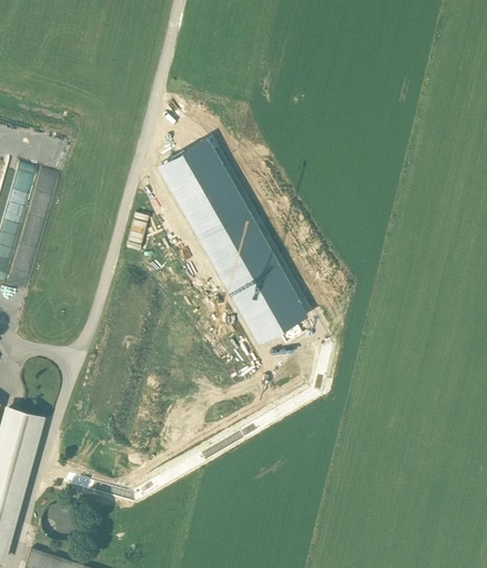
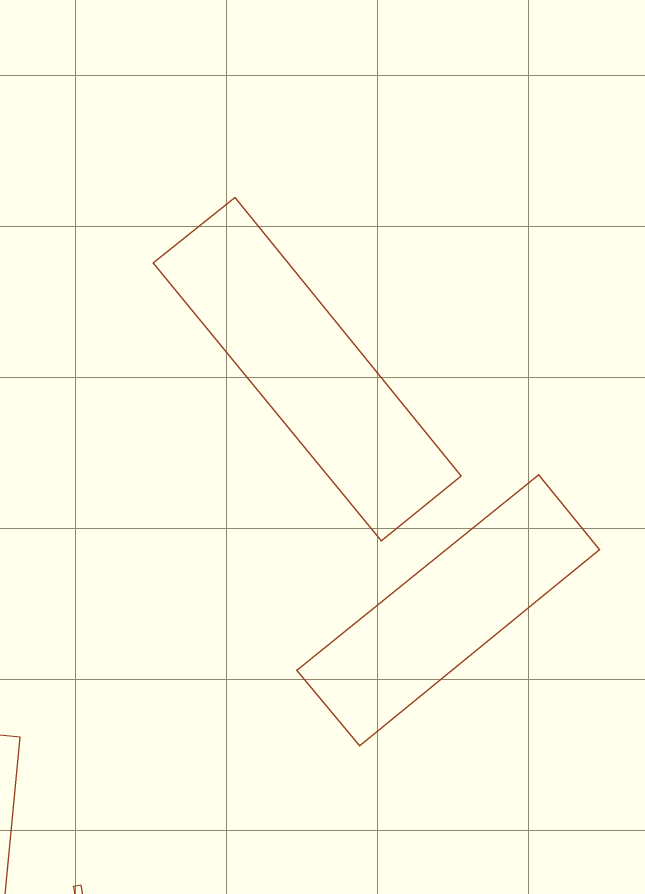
building: none -> [297,475,600,746]

